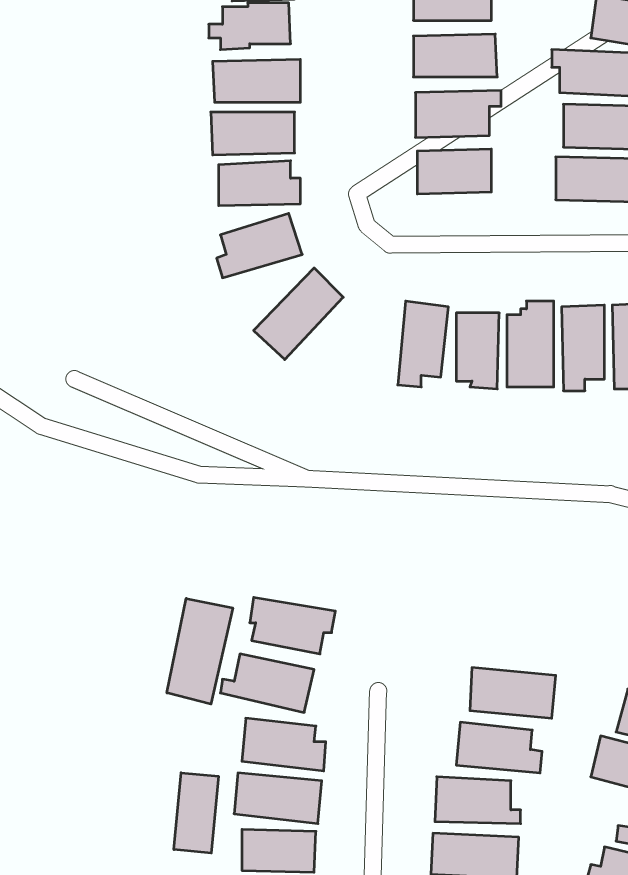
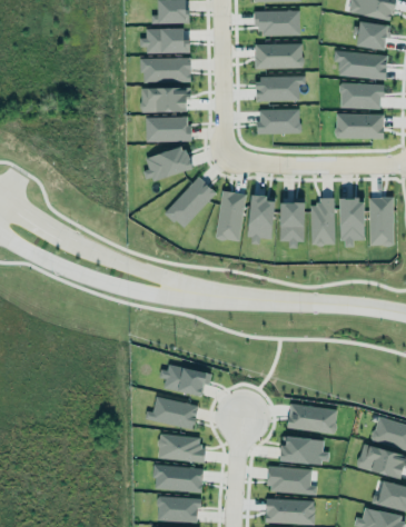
building: none -> [214,188,247,240]
building: [167,598,233,704] -> none
building: [174,773,218,853] -> none

